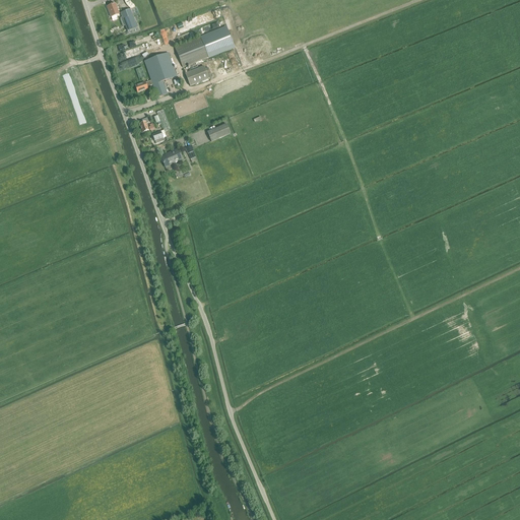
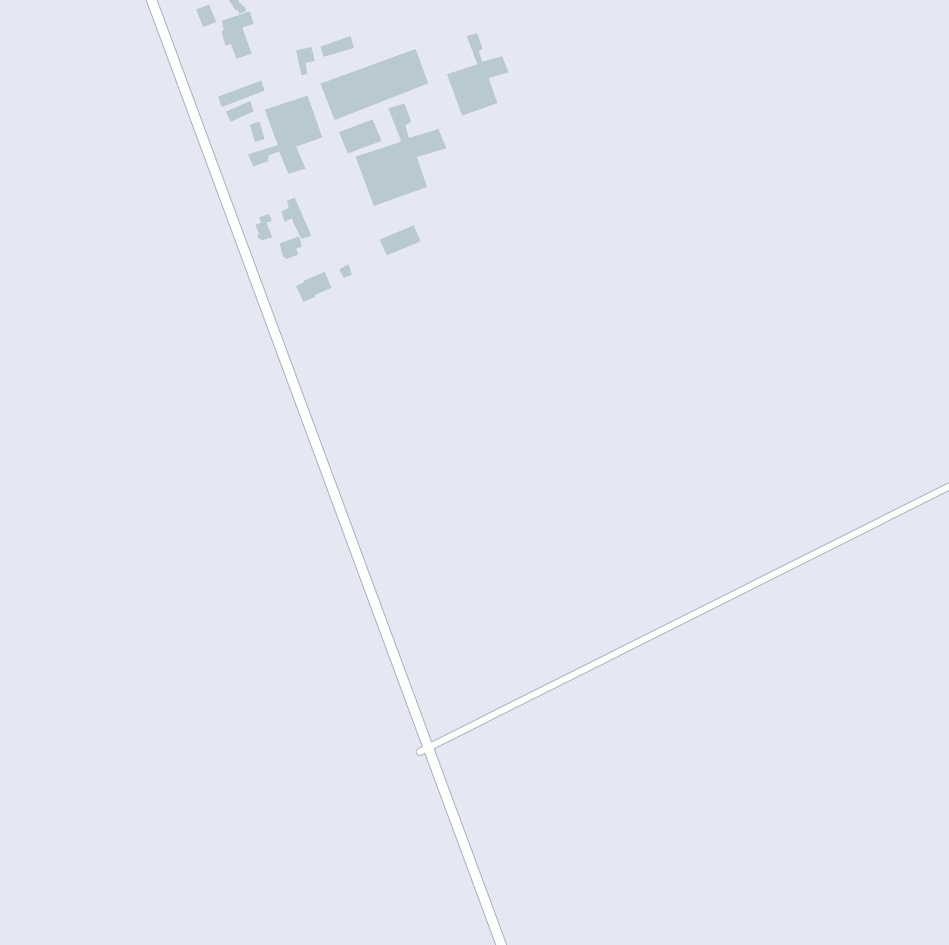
building: none -> [446,33,509,116]
building: none -> [355,103,447,207]

